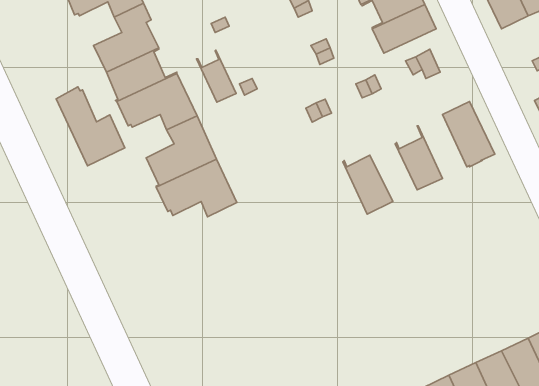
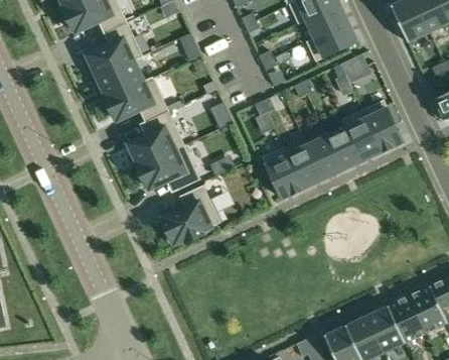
building: [196,50,236,102] -> none
building: [56,87,125,166] -> none
building: none -> [342,110,381,160]
building: none -> [304,133,341,178]
building: none -> [261,147,302,198]
building: none -> [161,186,219,244]

